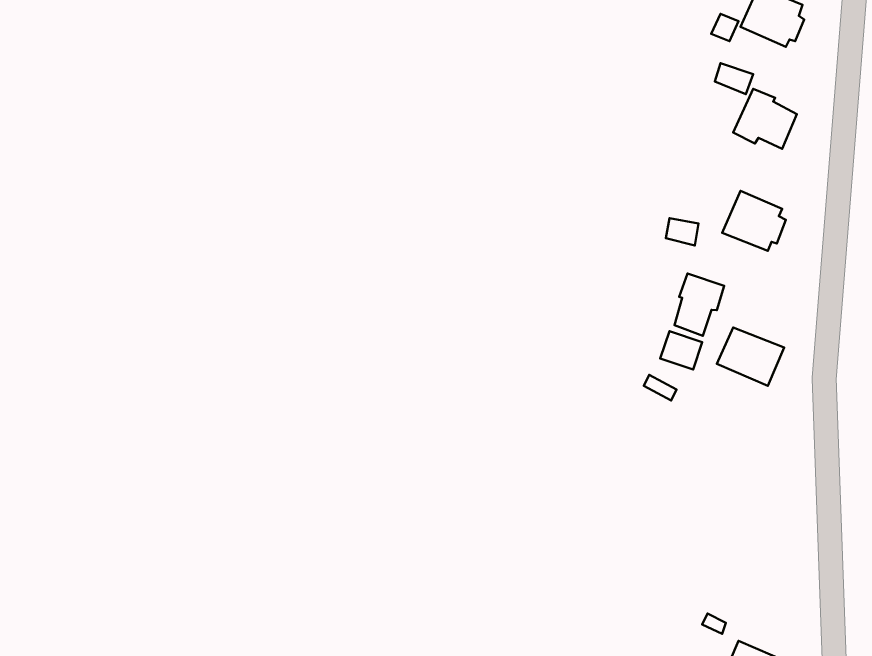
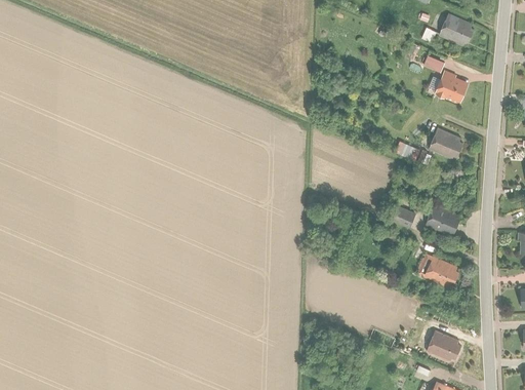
building: [675,274,724,336] -> none
building: none -> [414,251,458,286]
building: none -> [425,329,460,362]

